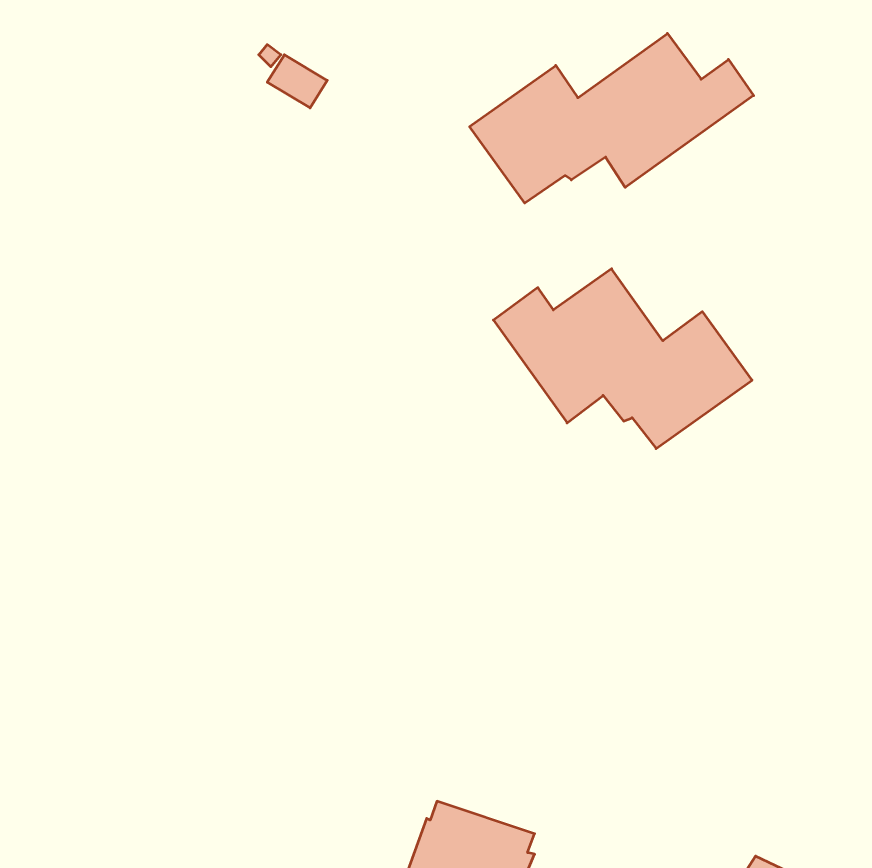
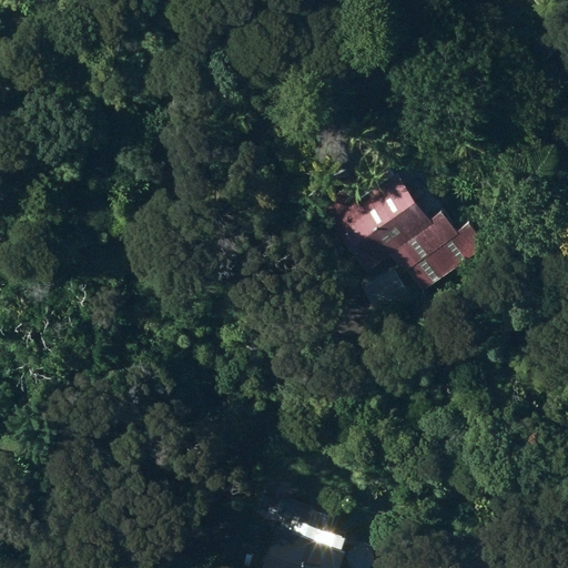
building: [470,33,754,203] -> none

